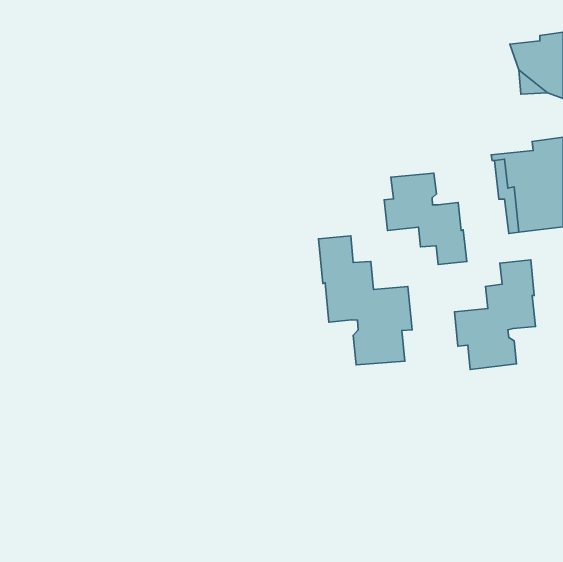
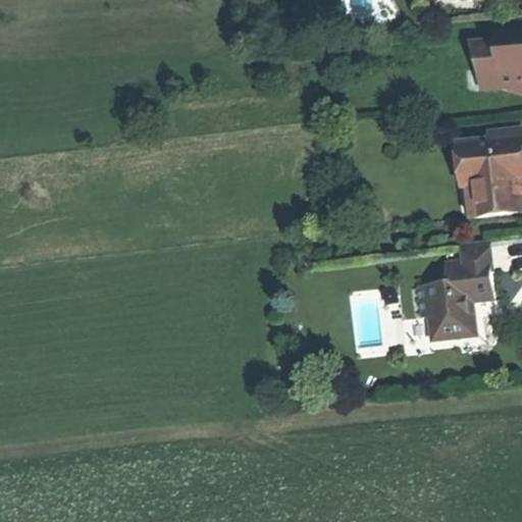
building: [384,173,467,265] -> none
building: [319,236,412,365] -> none

